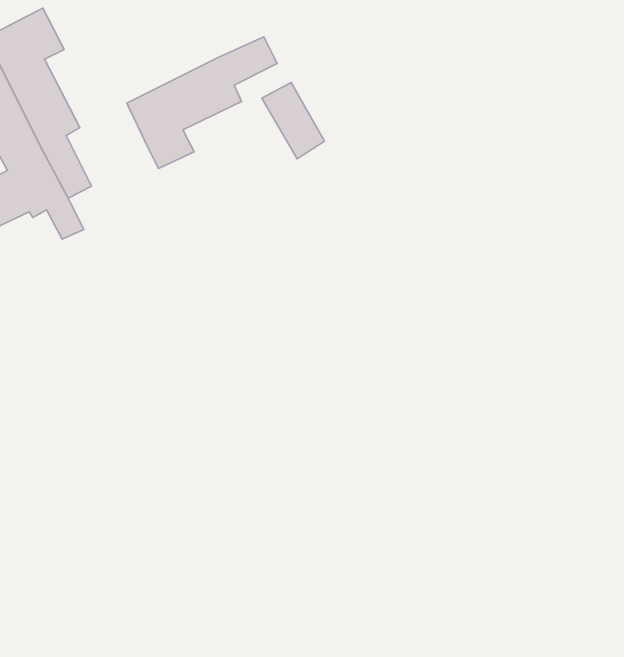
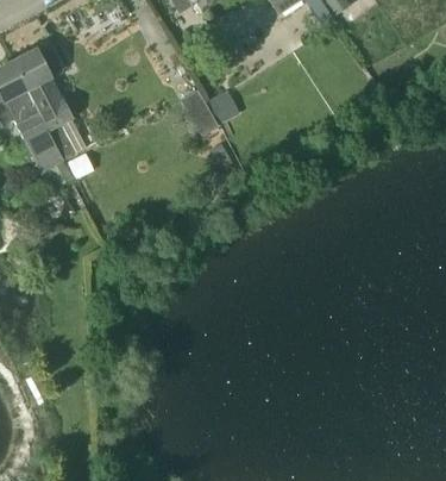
building: [127,37,277,169] -> none

